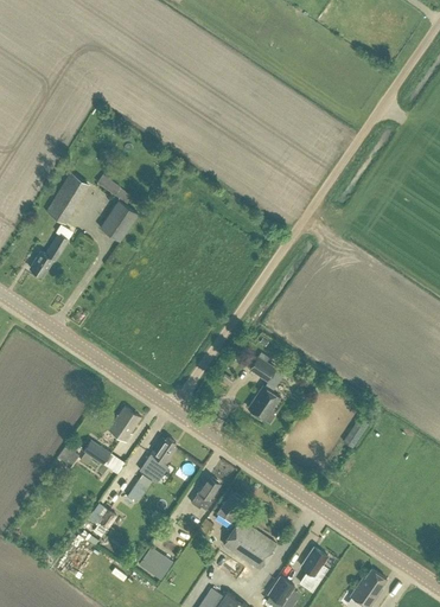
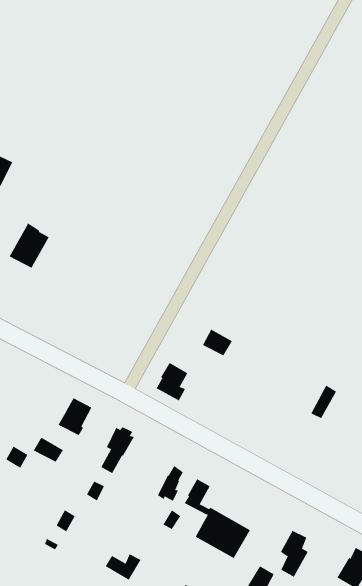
building: [98,199,138,242] -> [9,223,49,269]
building: [248,386,280,423] -> [155,362,188,401]

